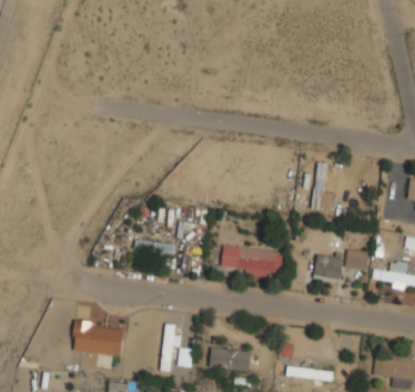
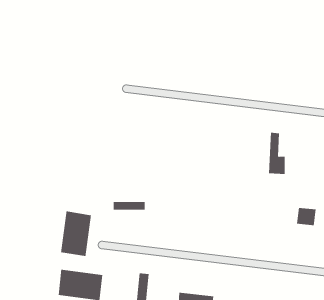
building: [222,247,283,277] -> none
building: none -> [60,211,92,257]
building: [314,254,344,283] -> none

